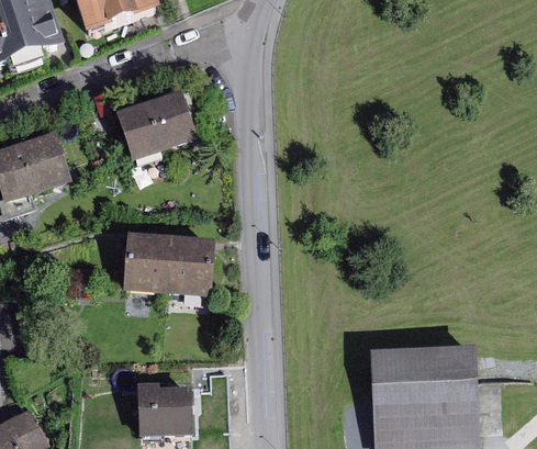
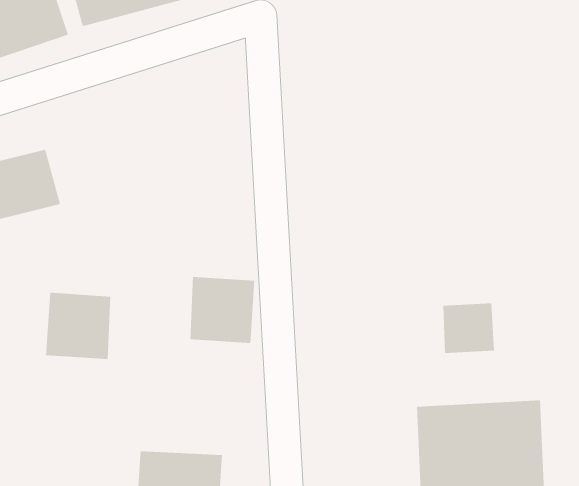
building: [113,92,191,154] -> none
building: [123,235,177,290] -> [45,292,111,359]
building: none -> [443,302,494,354]

